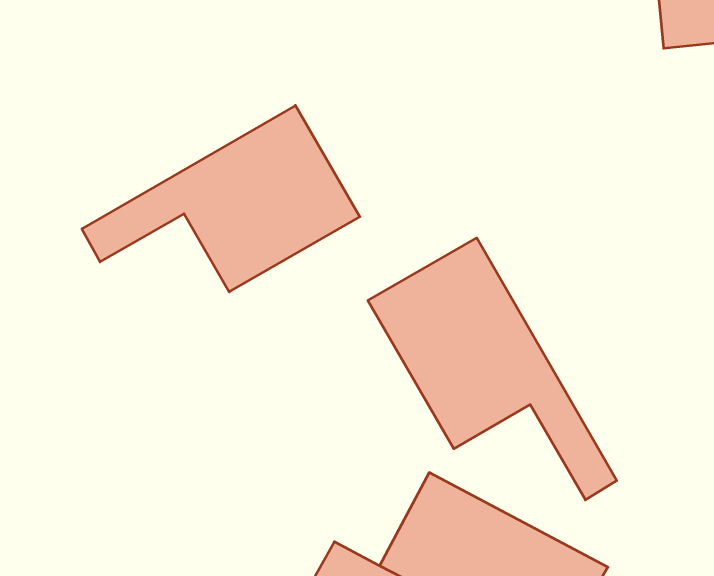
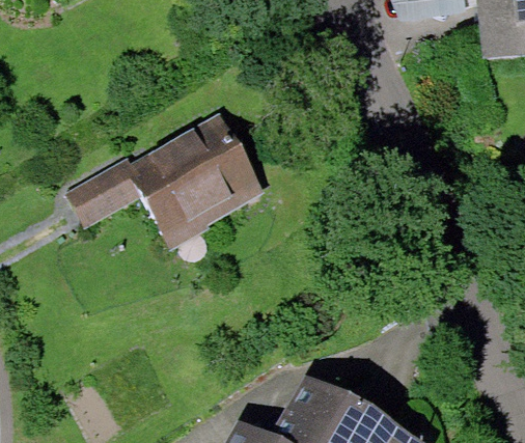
building: [368,238,617,500] -> none

